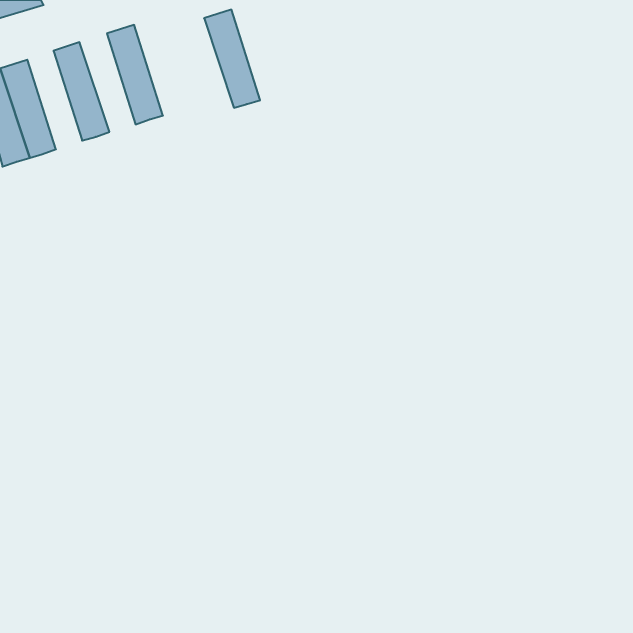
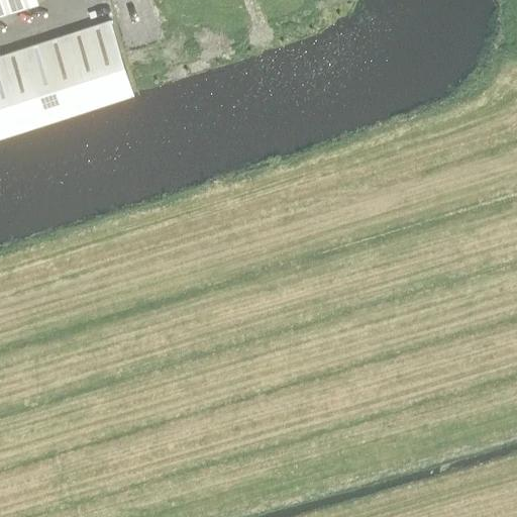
building: [204,10,260,108] -> [65,29,110,109]
building: none -> [22,43,67,123]

